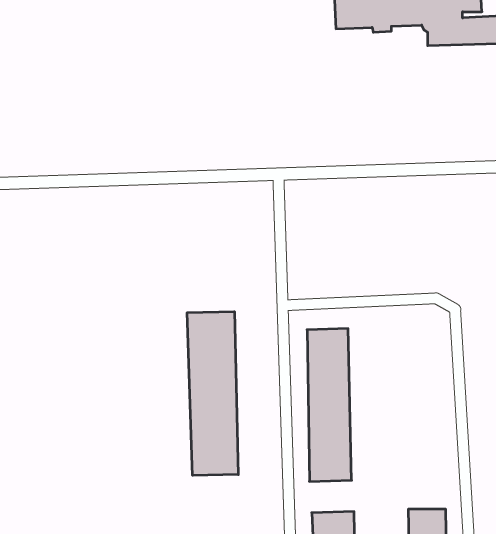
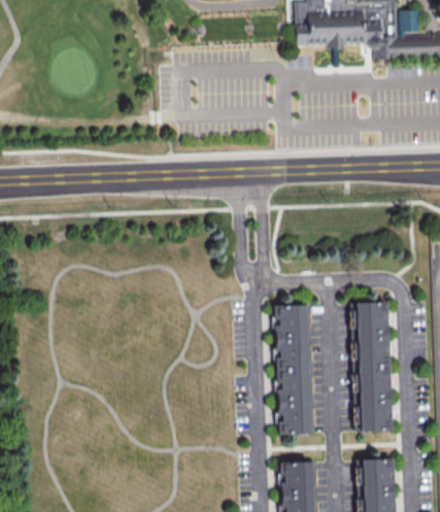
building: [187,312,238,475] -> none
building: none -> [357,300,392,430]

